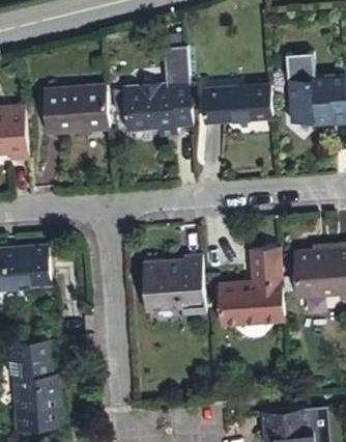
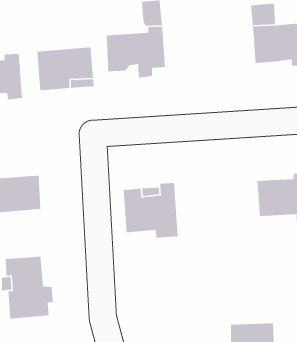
building: [204,84,273,122] -> none
building: [220,249,284,325] -> none
building: [12,407,60,431] -> none

